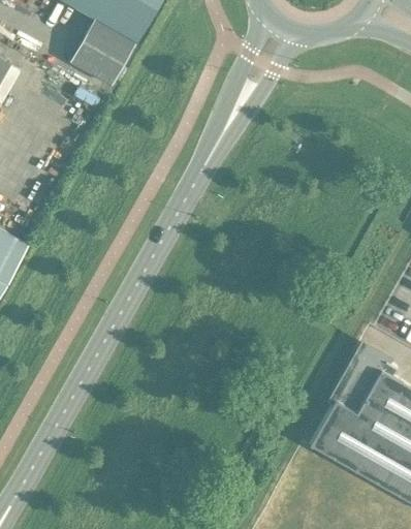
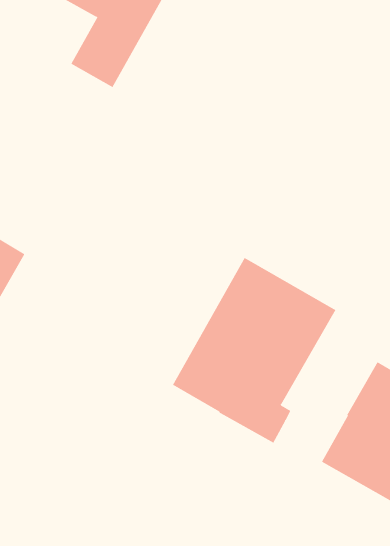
building: none -> [172,257,336,443]

